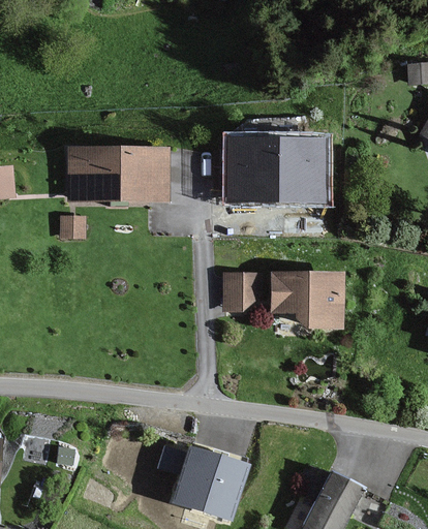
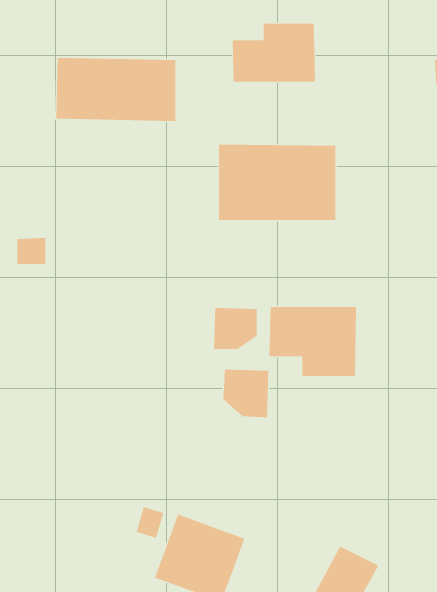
building: none -> [232,23,315,82]
building: [68,146,170,199] -> [56,58,176,121]
building: none -> [223,369,269,418]

